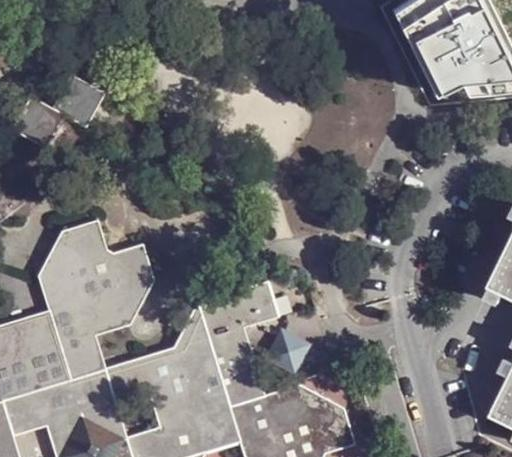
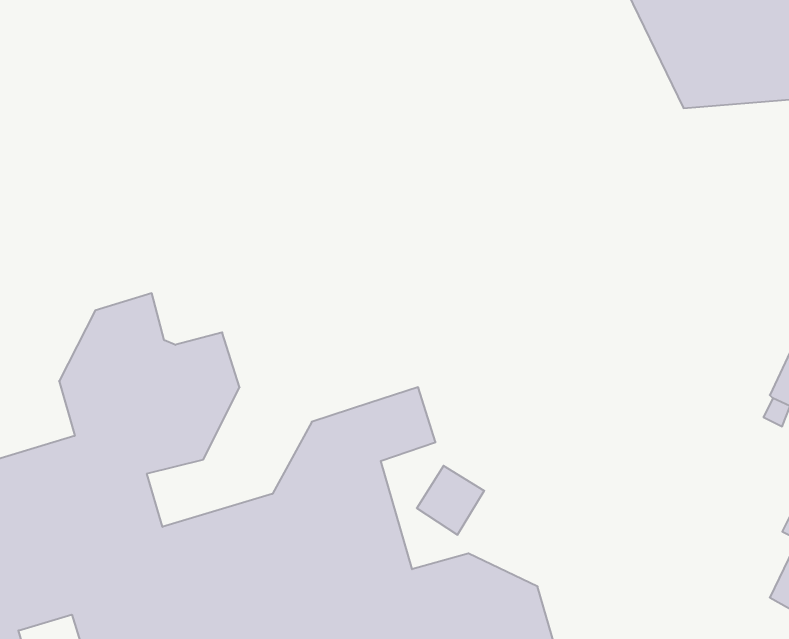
building: [11,74,103,147] -> none

